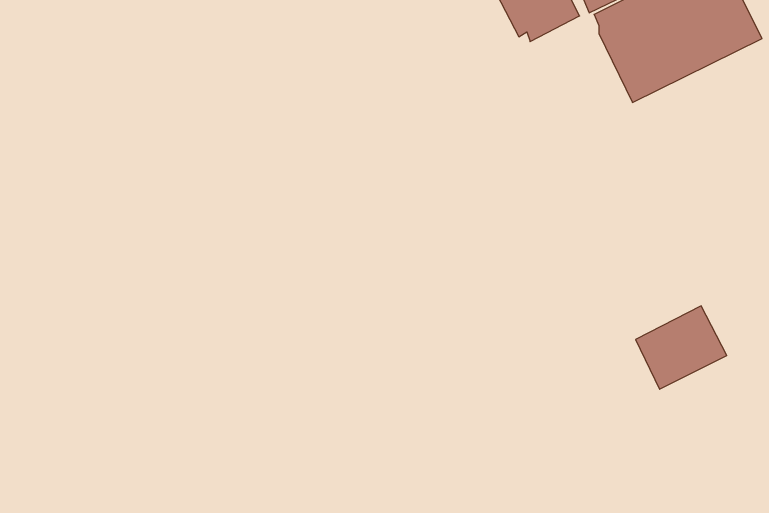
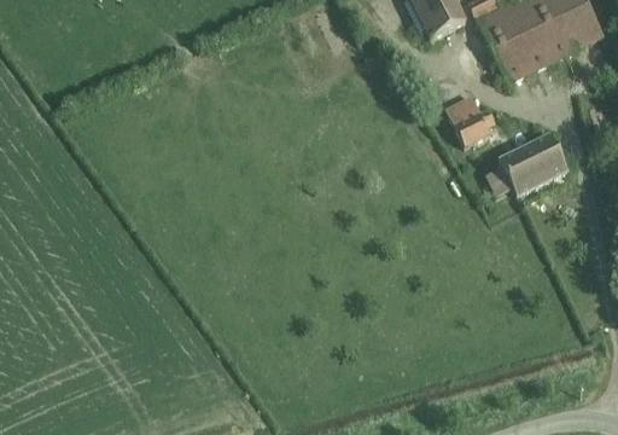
building: none -> [445,93,496,146]
building: [636,306,727,389] -> [500,132,569,195]

